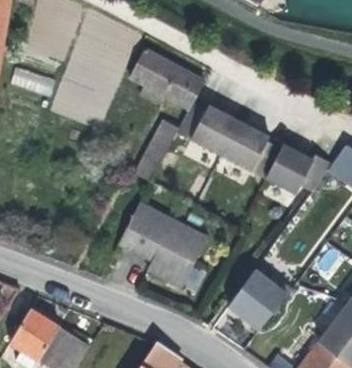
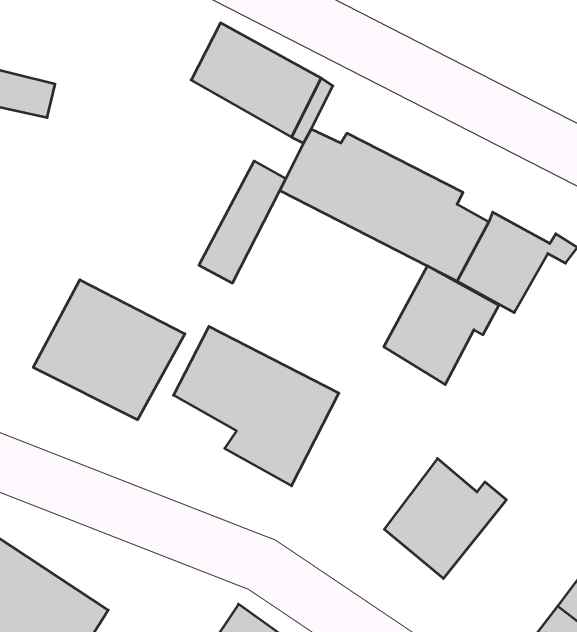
building: none -> [384,266,499,385]
building: none -> [33,280,185,420]

